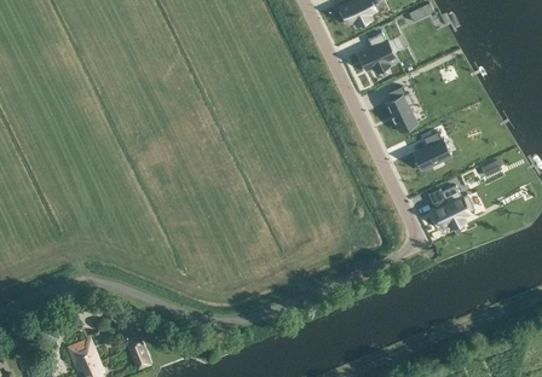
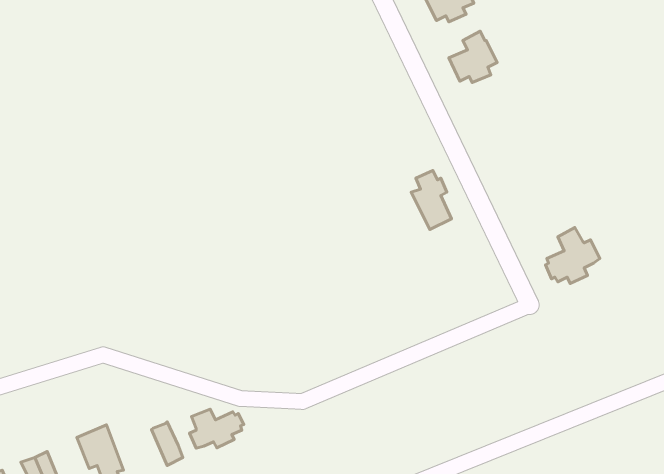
building: [385,85,416,130] -> [411,171,452,230]
building: [414,130,450,169] -> none
building: none -> [190,409,244,448]

